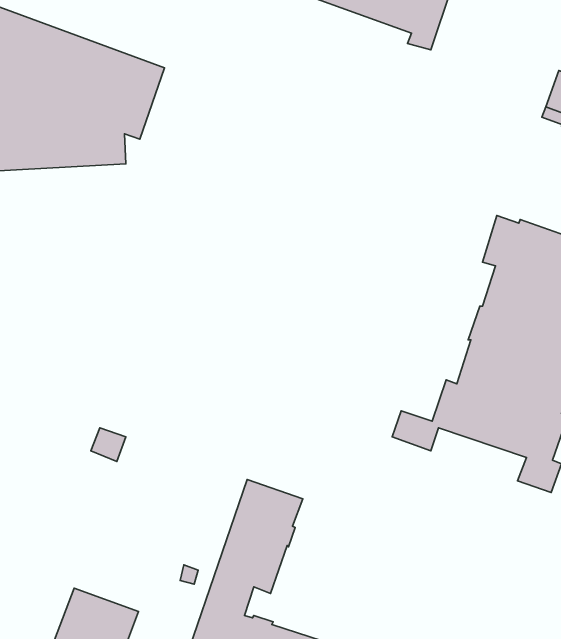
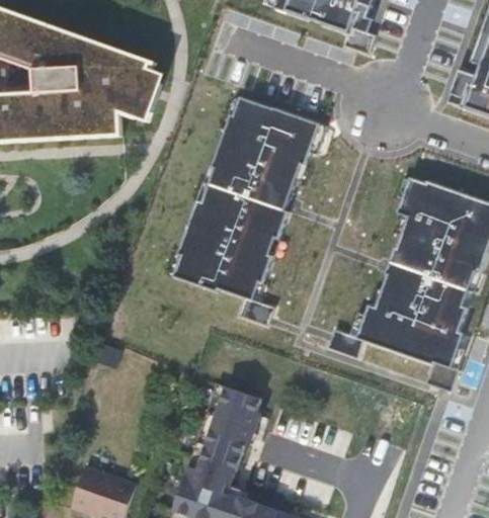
building: none -> [174,100,324,328]

